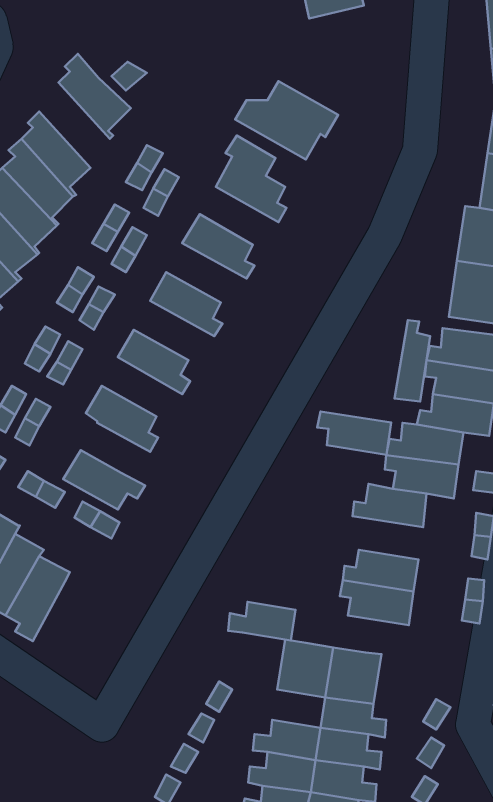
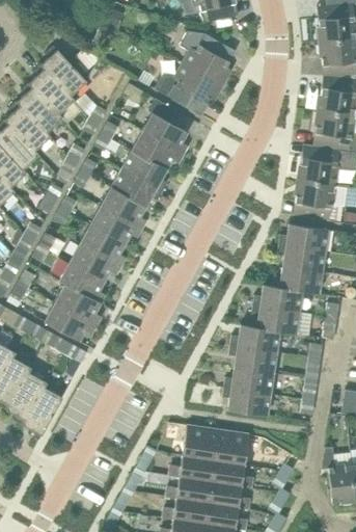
building: none -> [179,32,236,85]
building: none -> [28,64,74,119]
building: none -> [132,132,183,169]
building: none -> [110,168,162,207]
building: none -> [89,206,141,244]
building: [394,320,430,402] -> none
building: none -> [69,242,120,281]
building: [317,411,391,455] -> [228,345,276,373]
building: none -> [55,285,101,325]
building: none -> [24,388,62,441]
building: [228,602,296,640] -> [169,457,213,482]

